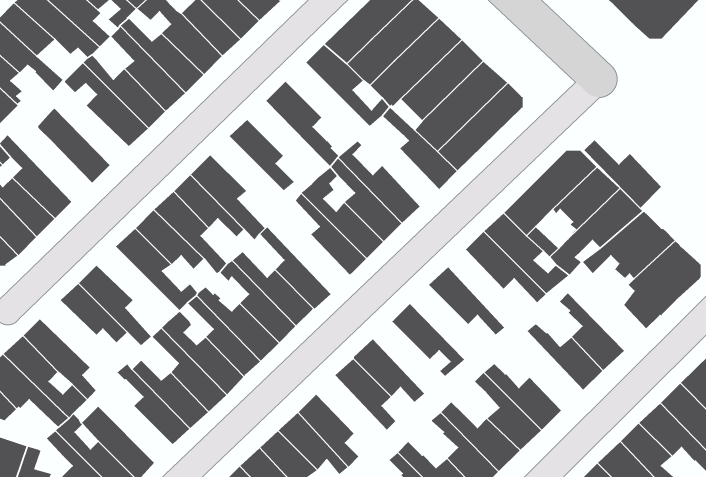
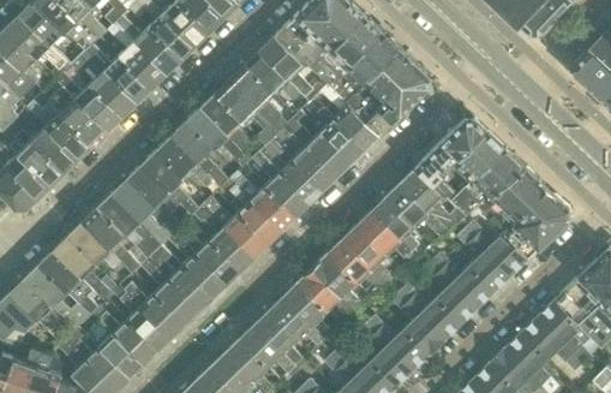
building: none -> [244,50,301,102]
building: none -> [56,73,121,131]
building: none -> [214,81,278,145]
building: none -> [26,101,92,160]
building: none -> [185,108,248,166]
building: none -> [316,108,364,163]
building: [584,139,662,208] -> [465,222,526,276]
building: none -> [229,172,294,232]
building: none -> [96,195,161,258]
building: none -> [371,197,423,258]
building: none -> [341,225,401,284]
building: none -> [52,237,112,302]
building: none -> [312,254,360,310]
building: none -> [424,261,477,323]
building: none -> [268,296,323,345]
building: none -> [91,305,156,364]

